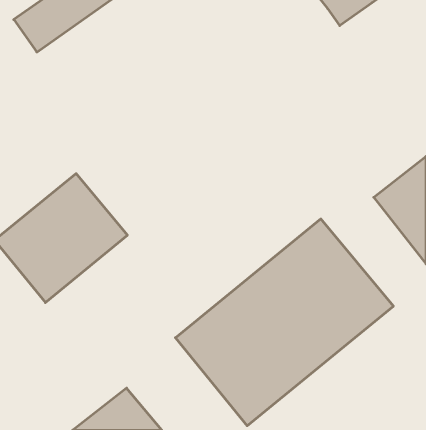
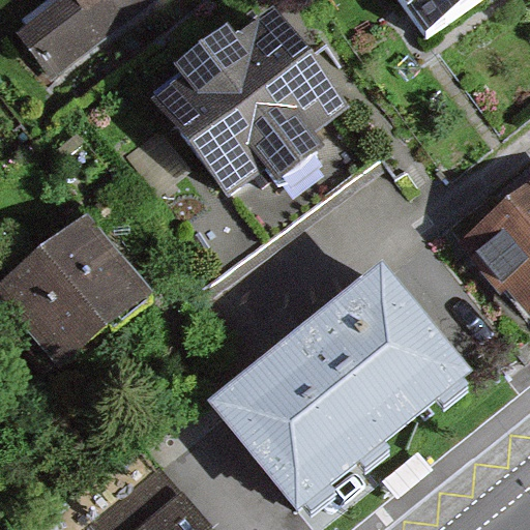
building: none -> [158,10,348,186]

